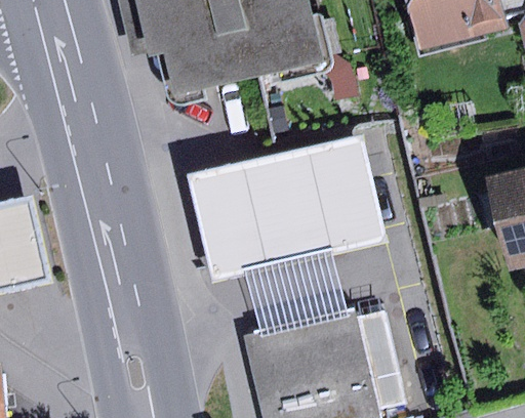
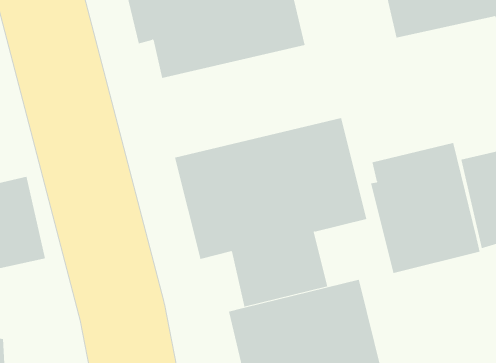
building: none -> [371,142,480,274]

